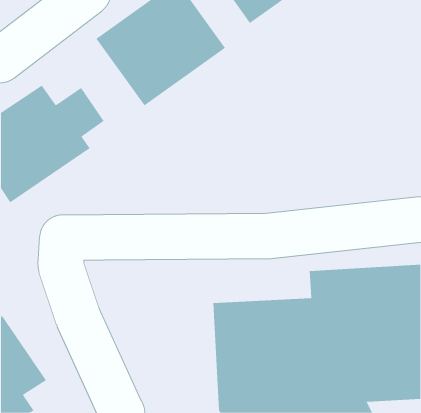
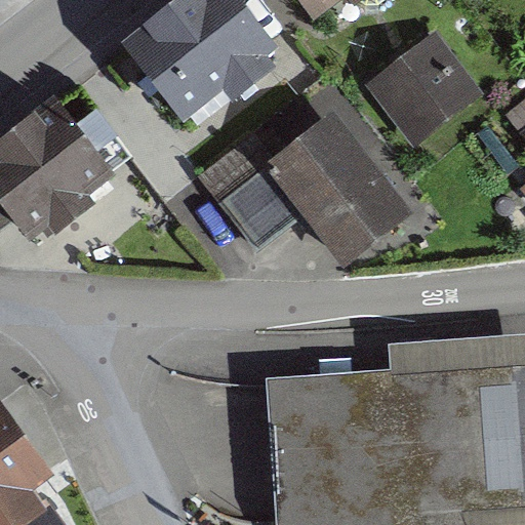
building: none -> [361,24,485,146]
building: none -> [207,113,401,248]

